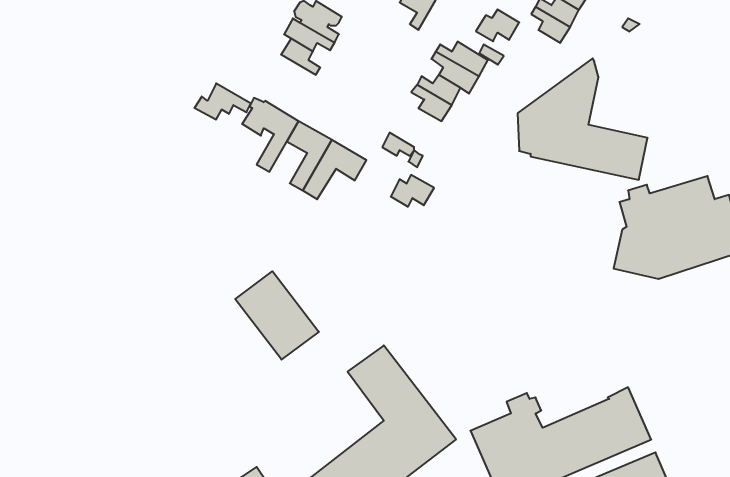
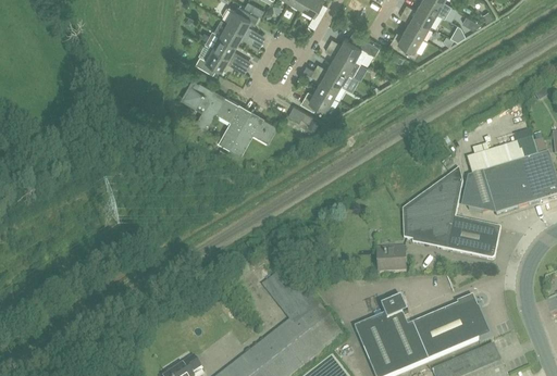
building: [476,9,519,41] -> [389,26,422,50]
building: [518,58,648,180] -> [403,166,500,258]
building: [194,83,251,120] -> [196,45,238,72]
building: [391,175,434,207] -> [300,85,333,109]
building: [235,271,319,360] -> none
building: none -> [377,245,406,270]

